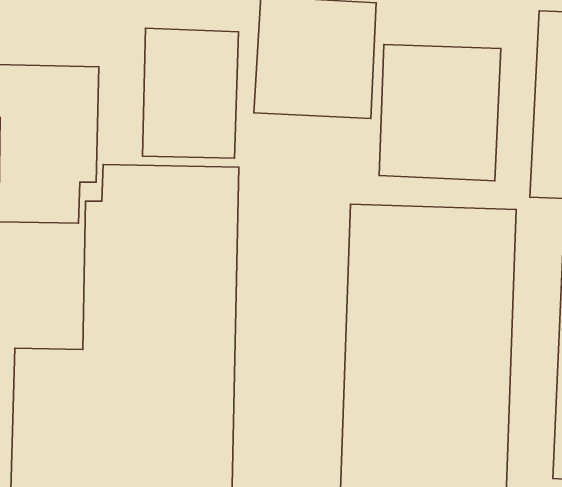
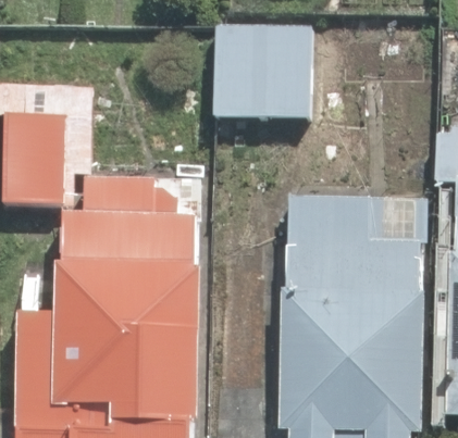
building: [142,28,238,158] -> none
building: [379,45,501,181] -> none

